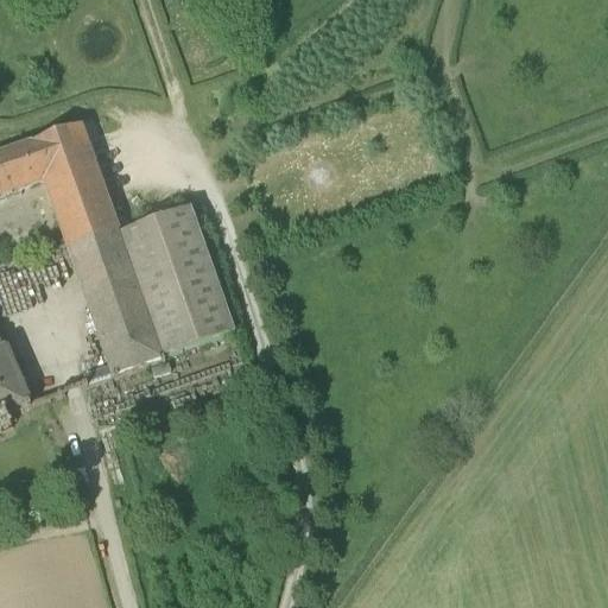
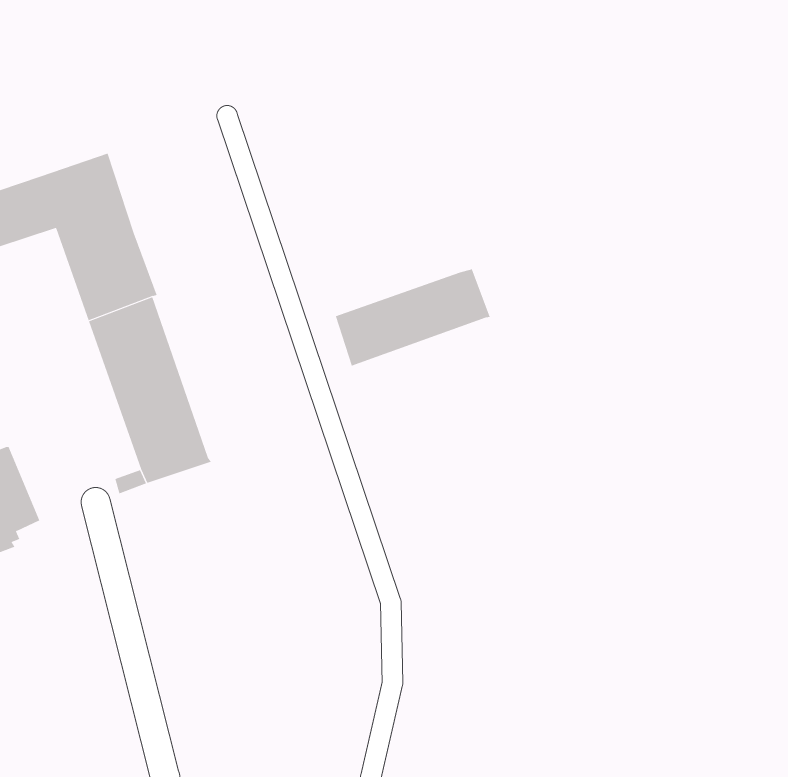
building: [118,202,234,352] -> none
building: none -> [335,268,491,367]

